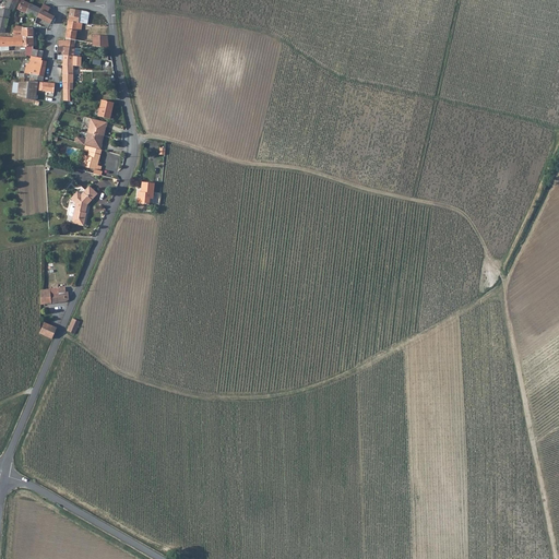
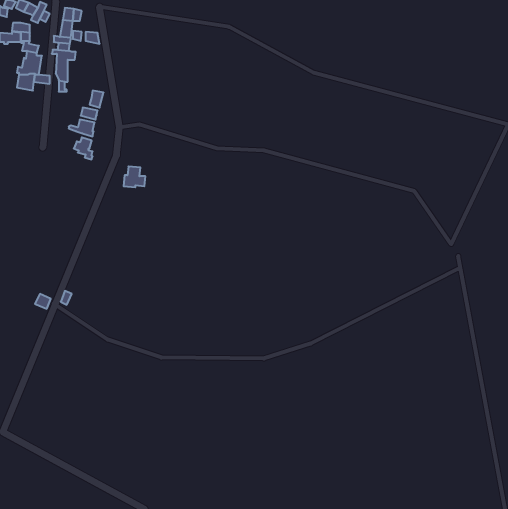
building: [70,186,96,226] -> none
building: [39,283,68,305] -> none

